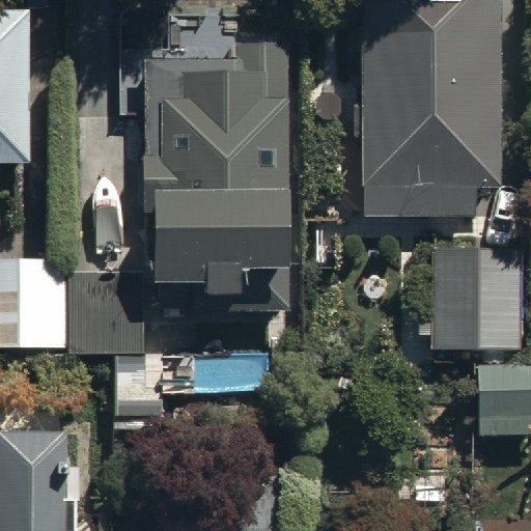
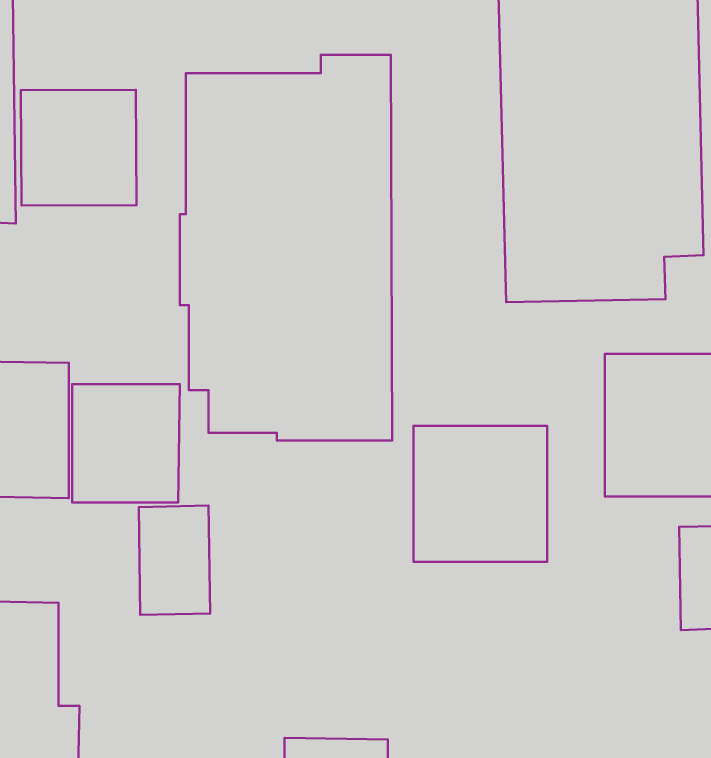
building: none -> [21,90,136,205]
building: none -> [414,426,547,562]

